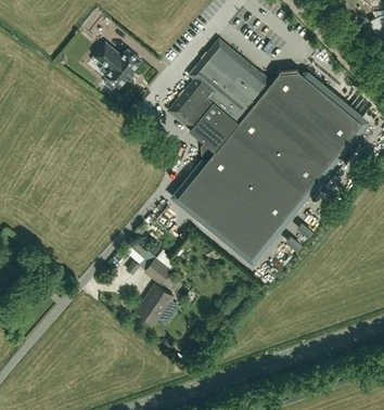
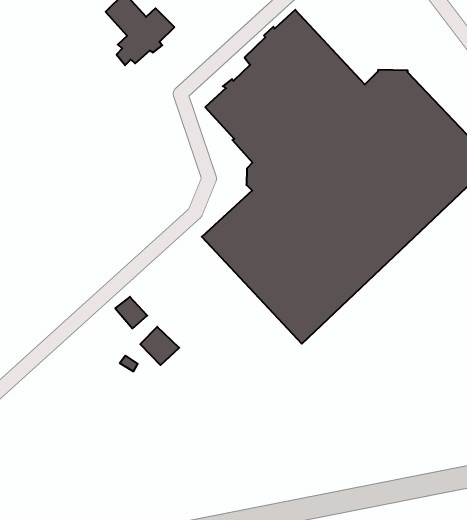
building: [139,284,174,324] -> none

